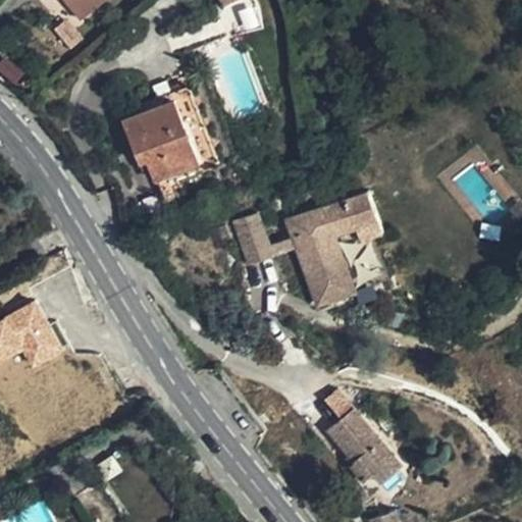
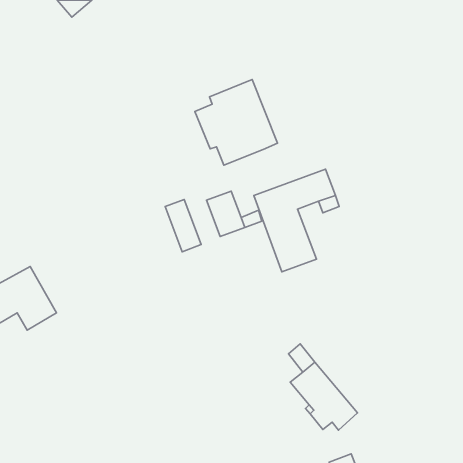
building: [122,85,215,180] -> [195,80,278,165]
building: none -> [165,199,201,252]

